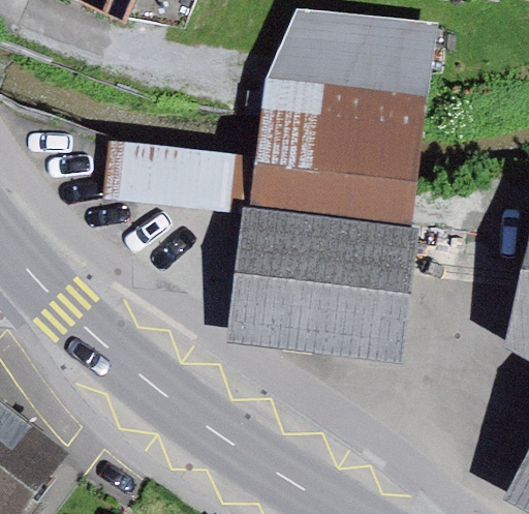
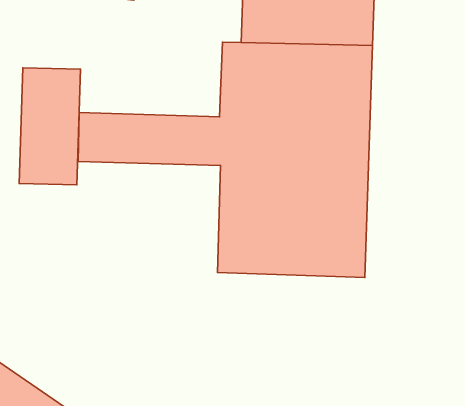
building: none -> [19,68,81,185]

